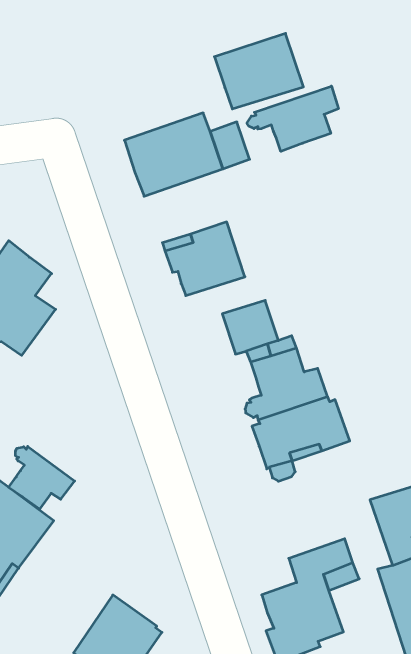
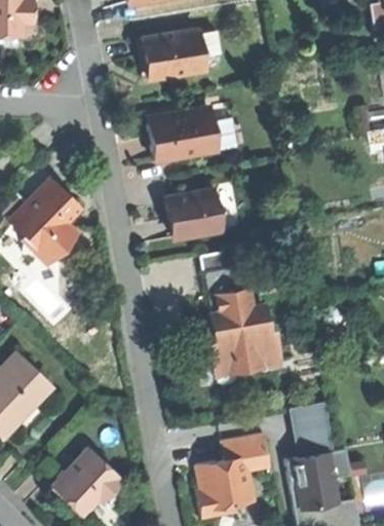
building: [214,33,303,109] -> [143,30,204,79]
building: [247,86,338,151] -> none
building: [9,446,75,509] -> none

